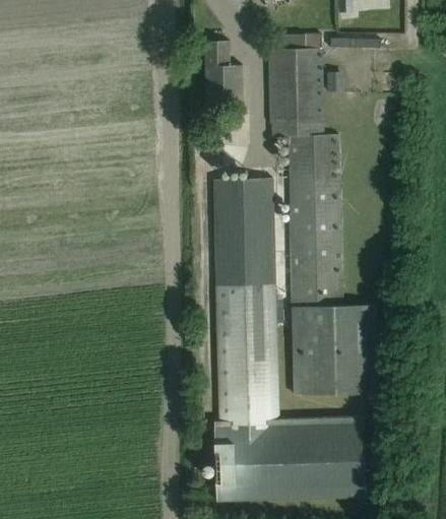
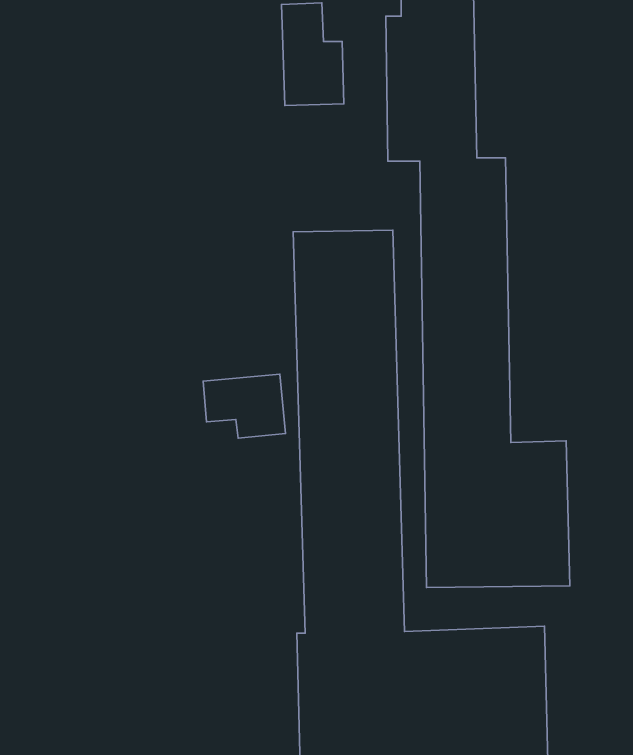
building: none -> [203,374,285,438]

